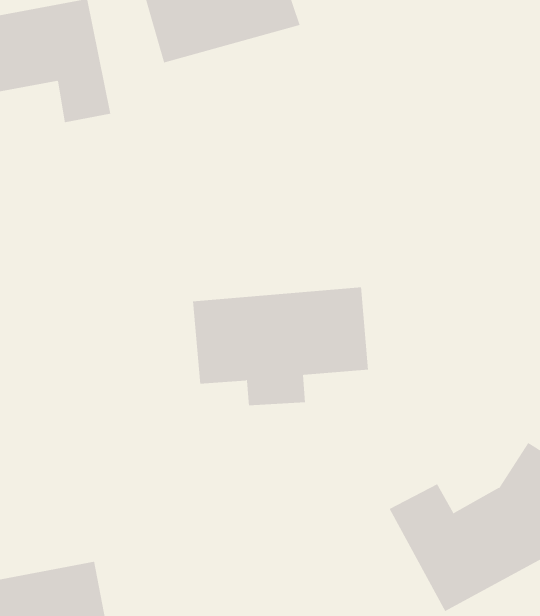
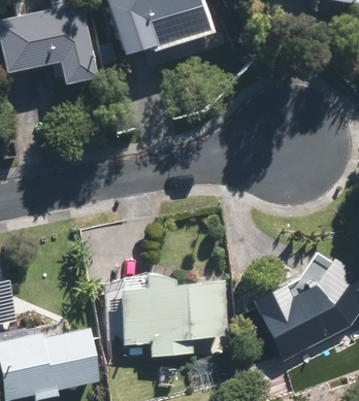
building: [192,287,369,406] -> [126,283,227,352]

